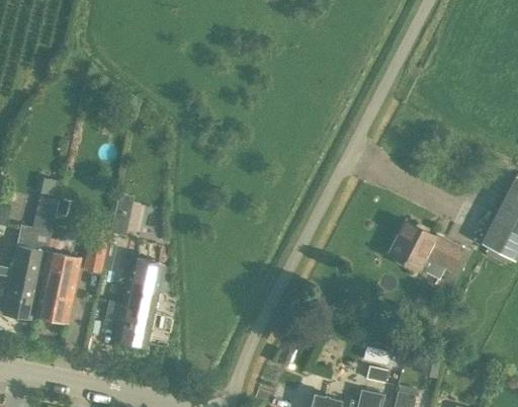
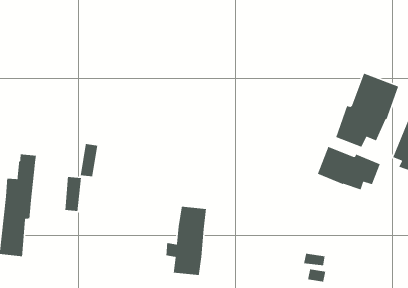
building: none -> [335,72,399,148]
building: [36,253,81,322] -> none
building: [108,261,163,346] -> [165,206,207,276]

